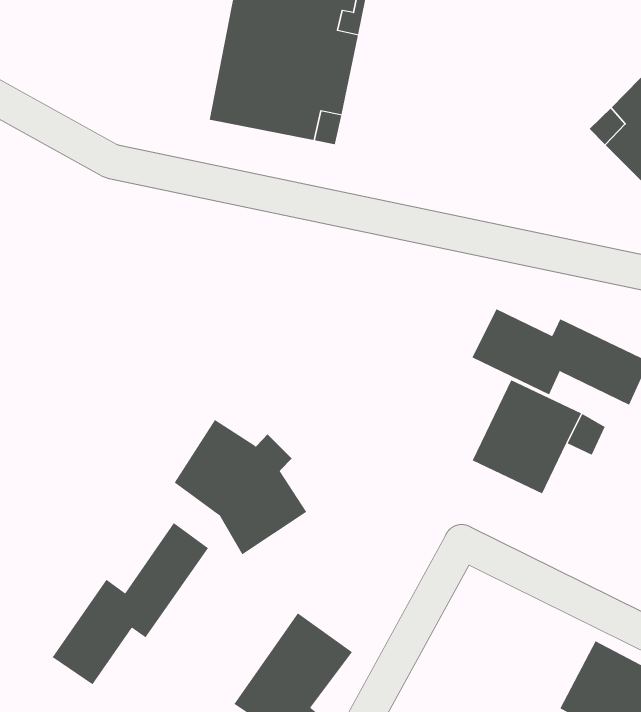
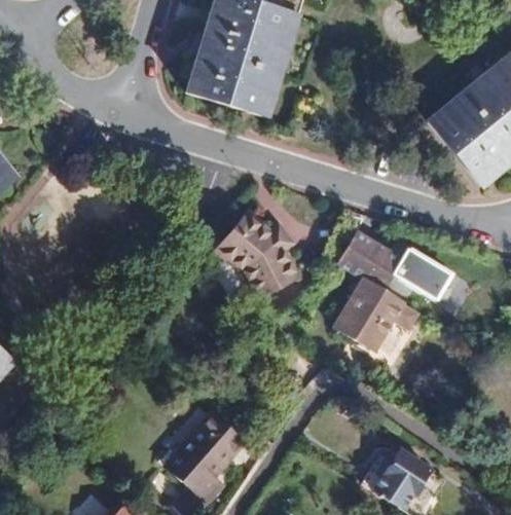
building: [174,419,307,555] -> [218,212,301,300]
building: [52,522,209,685] -> none

